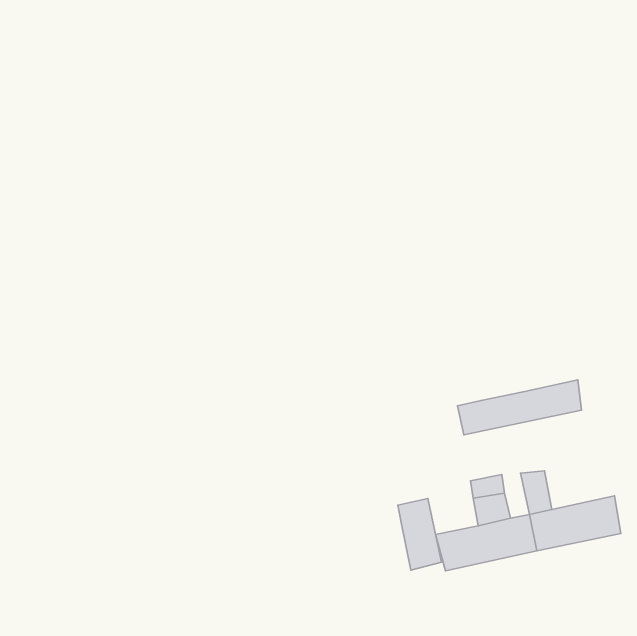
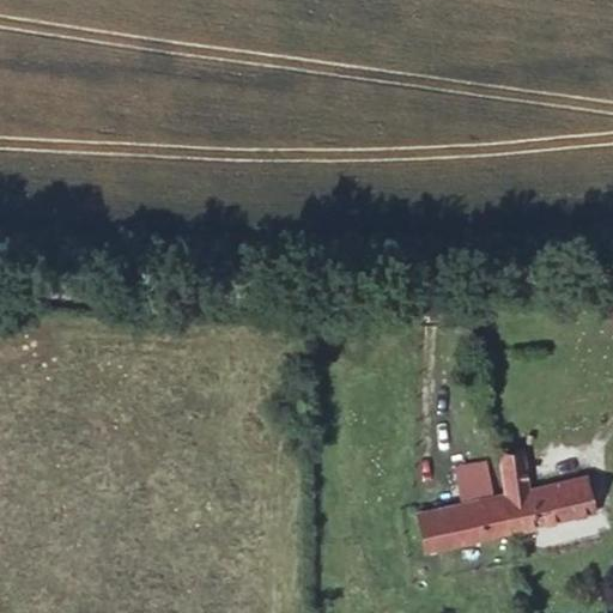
building: [457,380,581,435] -> none
building: [398,499,441,570] -> none

